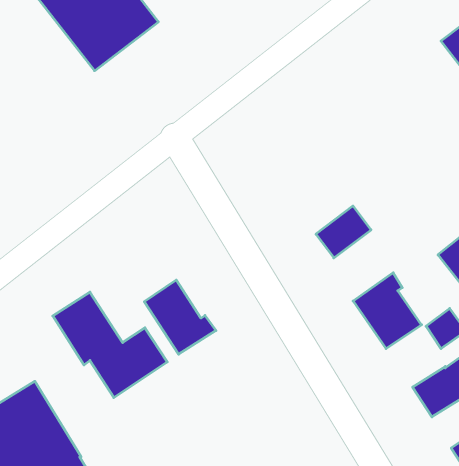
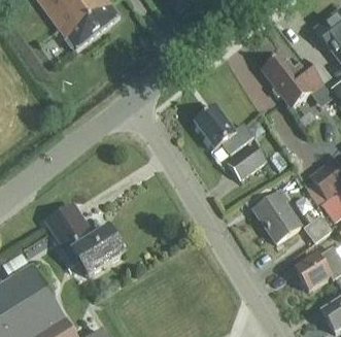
building: none -> [262,54,321,107]
building: none -> [194,105,253,155]
building: [144,280,216,354] -> none

